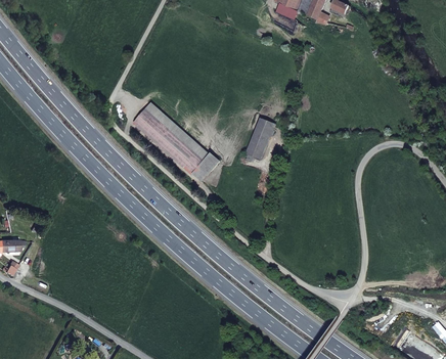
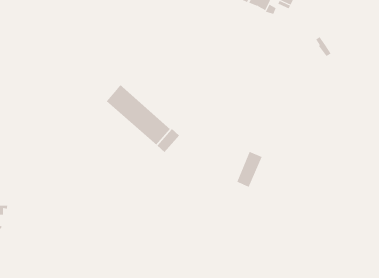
building: [246,119,275,160] -> [236,151,263,187]

